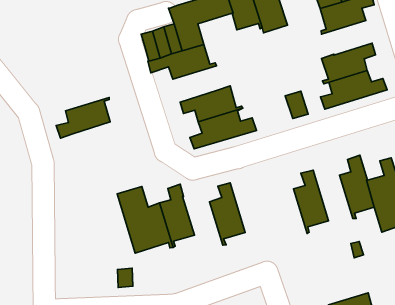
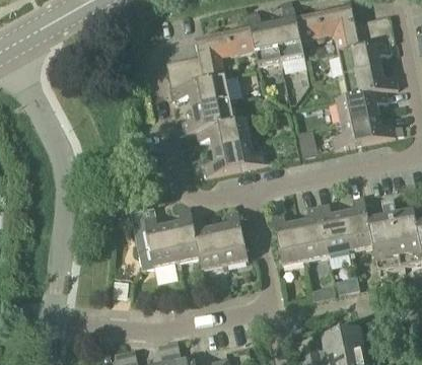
building: none -> [338,68,398,98]
building: [56,97,110,138] -> [183,98,235,133]
building: none -> [319,204,352,257]
building: none -> [272,213,307,266]
building: none -> [192,218,226,271]

